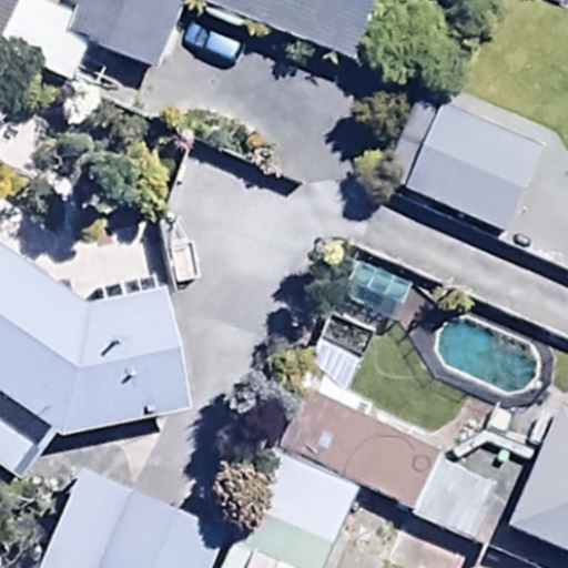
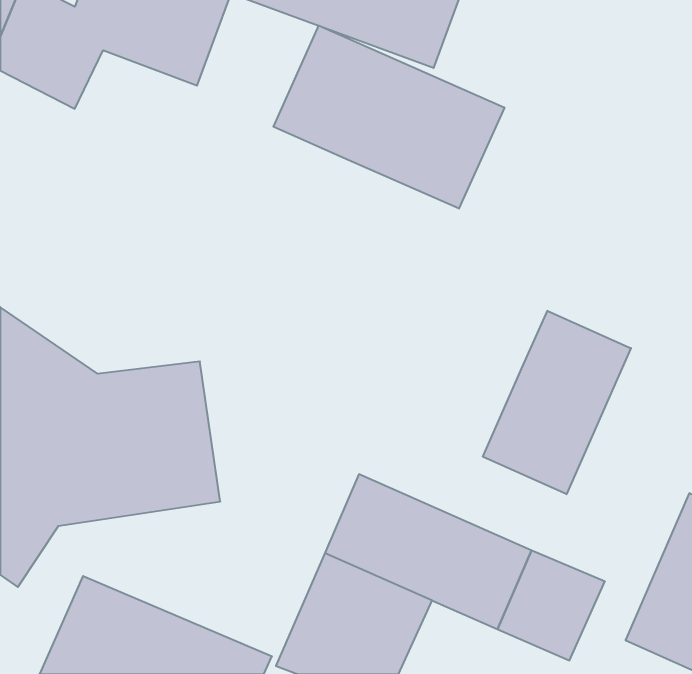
building: none -> [273,26,504,209]
building: [407,100,549,231] -> none
building: none -> [483,311,631,494]

